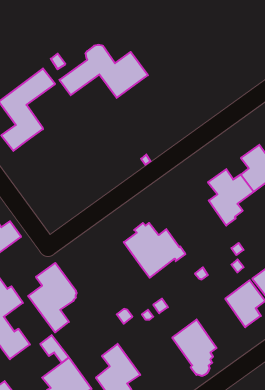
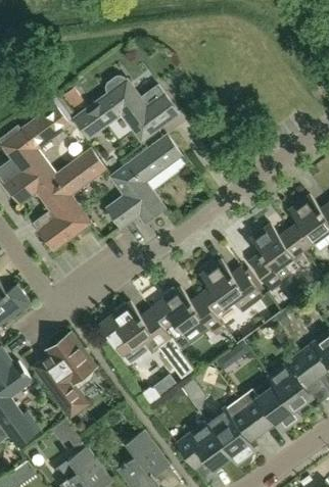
building: none -> [107,136,186,227]
building: none -> [37,150,105,248]
building: none -> [200,259,263,315]
building: none -> [99,301,193,377]
building: none -> [240,376,300,432]
building: none -> [178,422,231,469]

